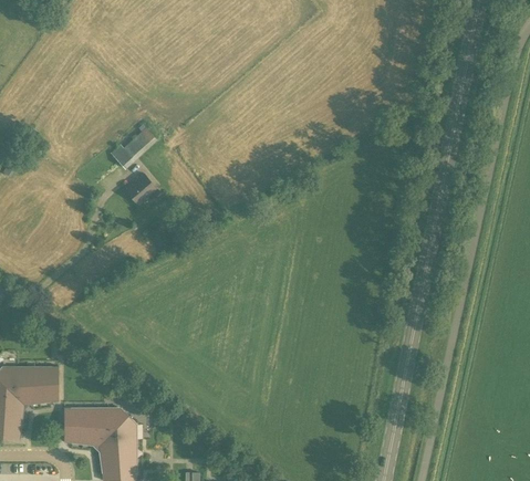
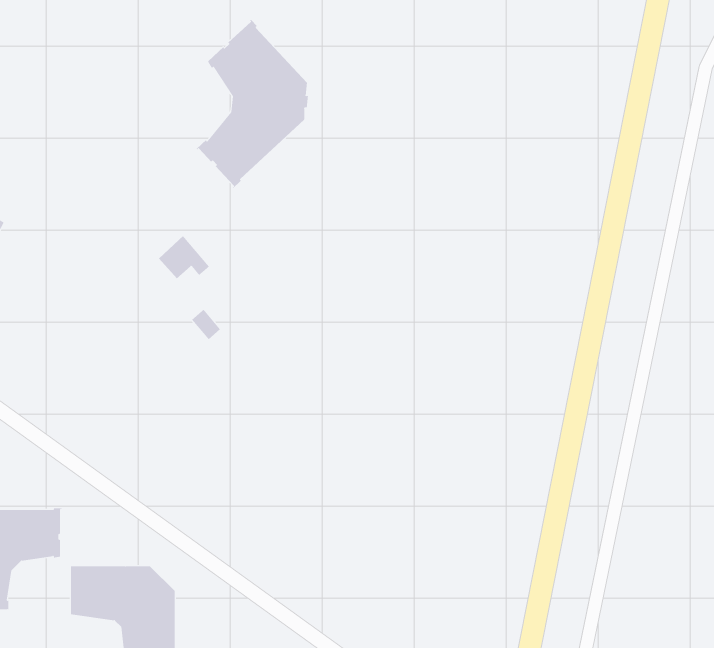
building: none -> [196,19,309,189]
building: [111,128,157,169] -> none

